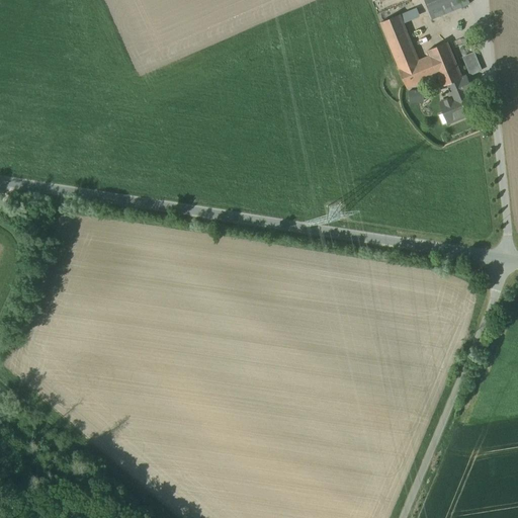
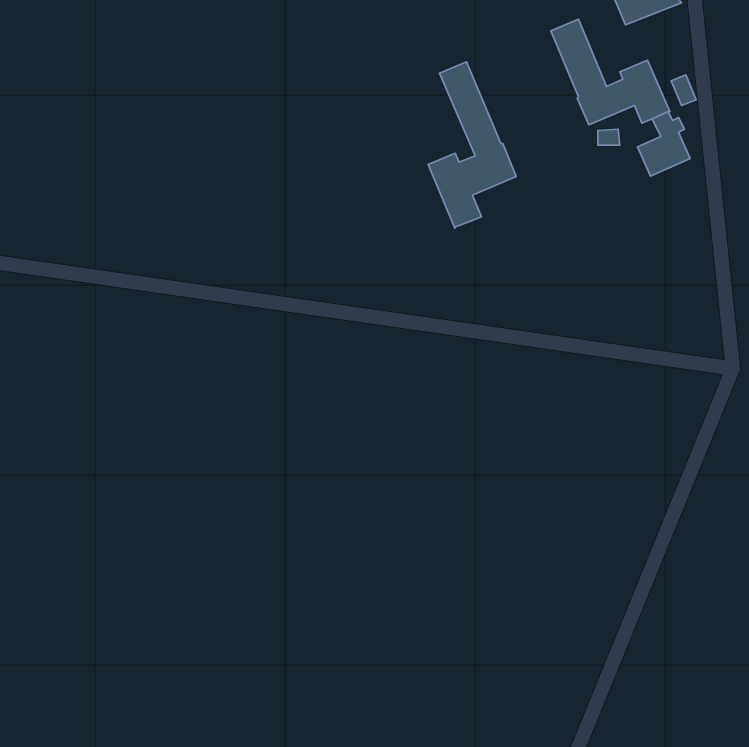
building: none -> [428,62,516,228]

